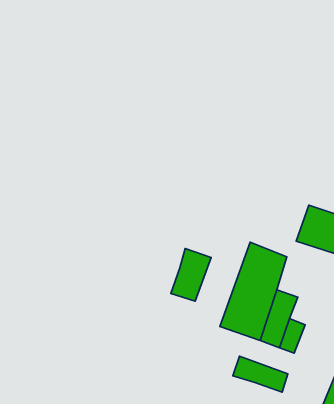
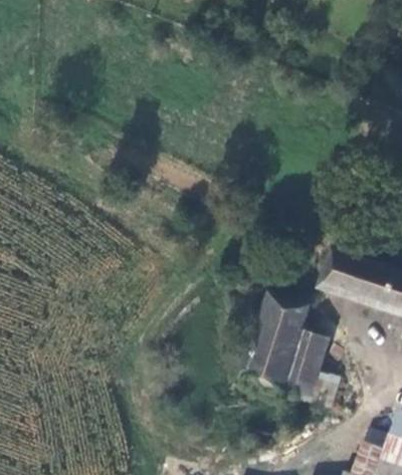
building: [171,249,211,301] -> none
building: [233,356,288,392] -> none

